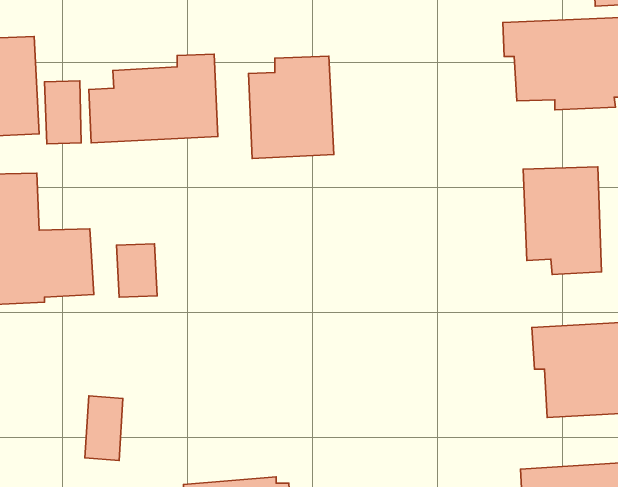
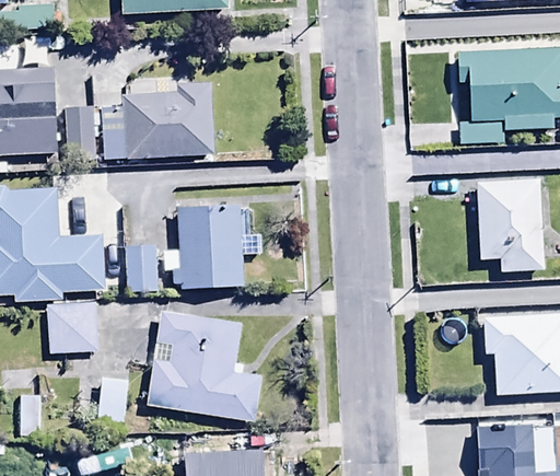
building: [248,56,334,159] -> none
building: none -> [164,205,262,289]
building: none -> [46,302,97,353]
building: none -> [147,310,262,421]

